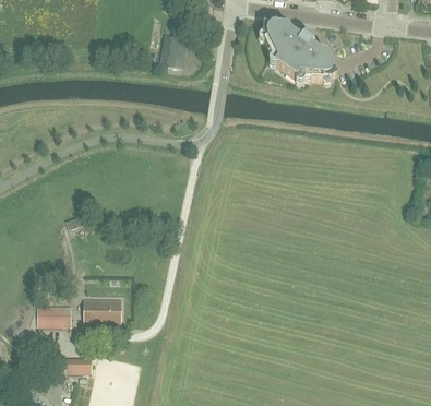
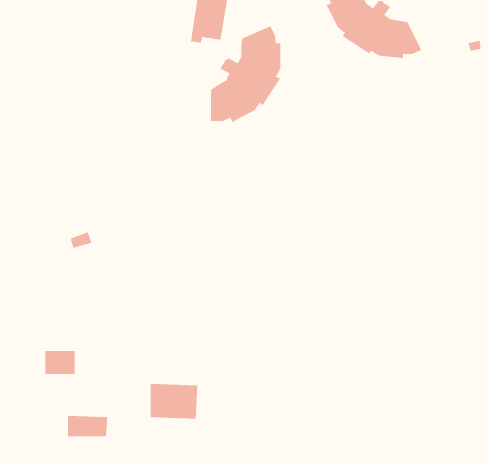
building: none -> [211,25,281,123]
building: [84,298,121,325] -> [150,384,198,419]

